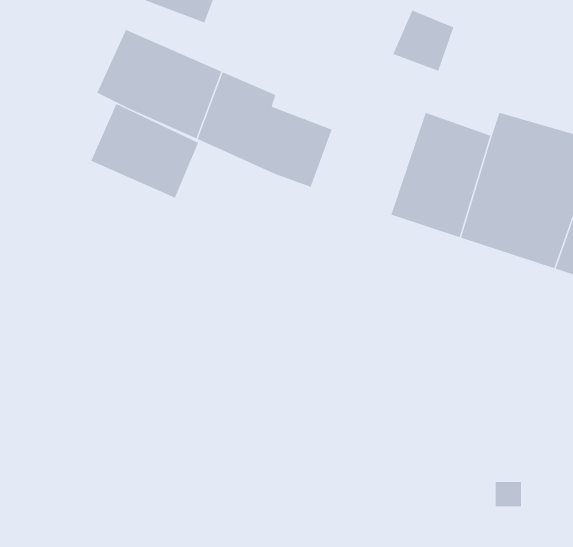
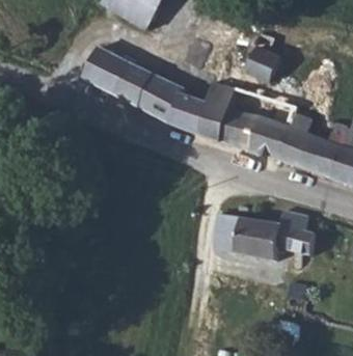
building: none -> [198,80,260,148]
building: [90,103,199,198] -> none
building: none -> [217,211,321,270]

